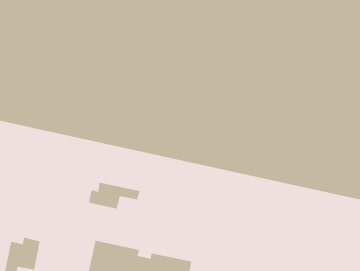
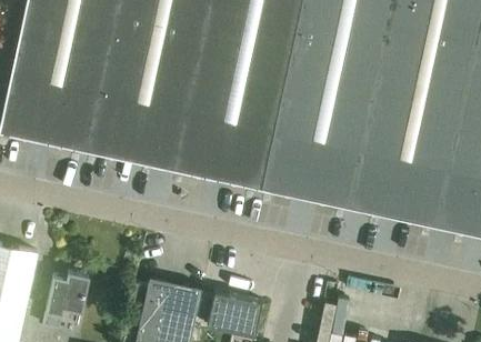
building: [88,182,140,210] -> none

